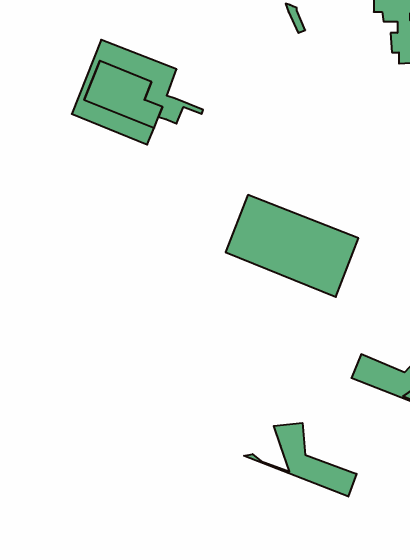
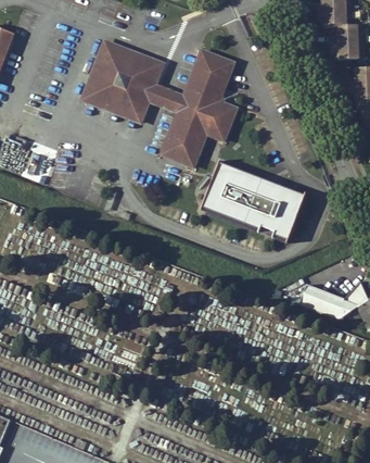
building: none -> [161,50,237,165]
building: [244,423,357,497] -> none

